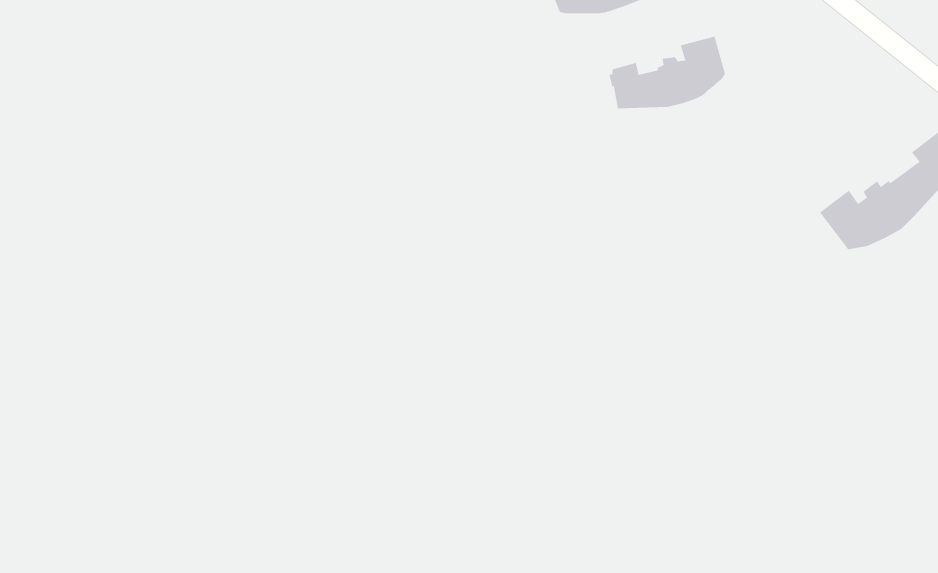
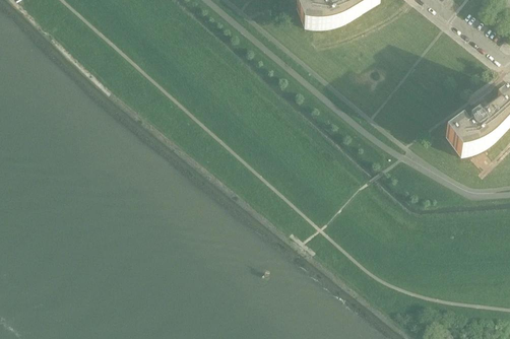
building: [609,36,726,109] -> none

